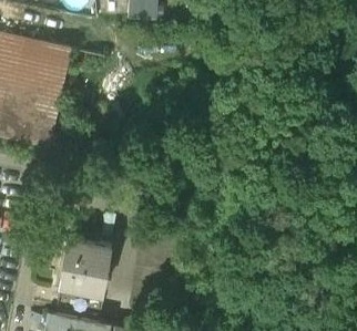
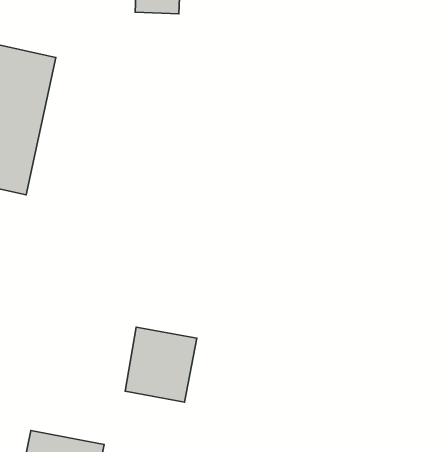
building: [61,239,112,292] -> [125,327,197,402]

